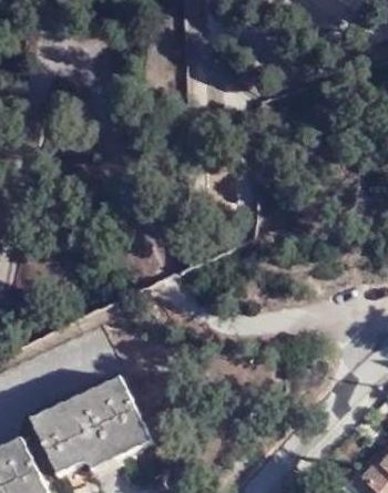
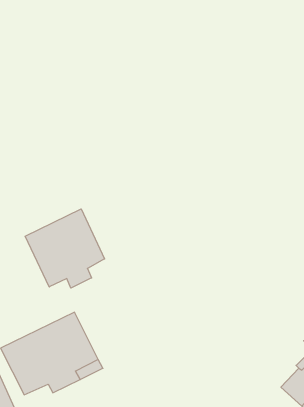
building: none -> [25,209,105,288]

